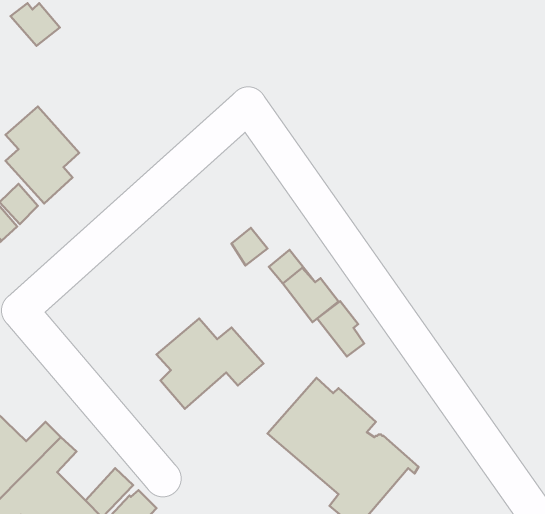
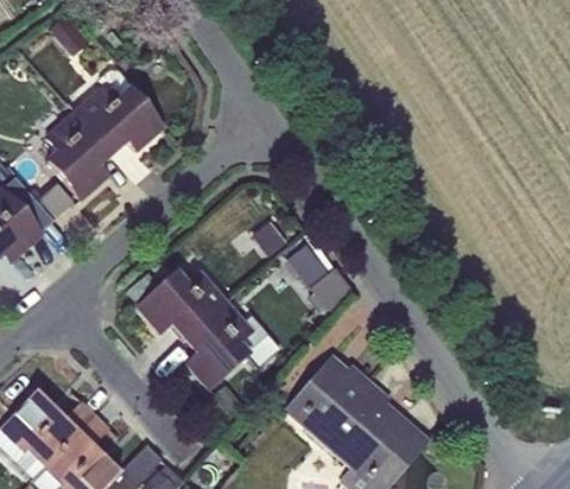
building: none -> [75,69,164,153]
building: none -> [138,272,223,338]
building: [317,301,364,357] -> none

